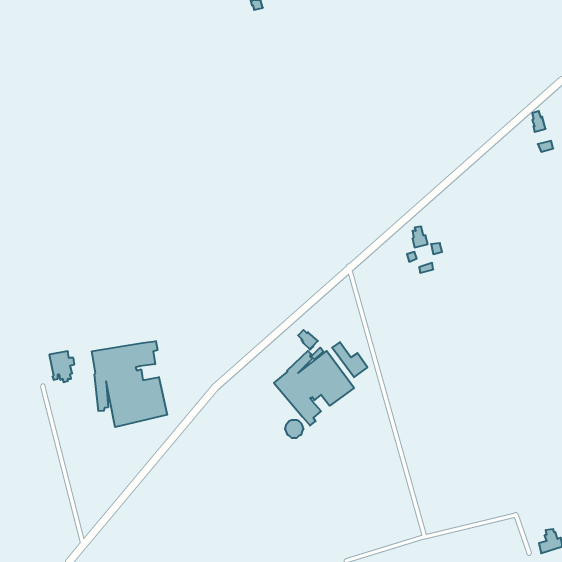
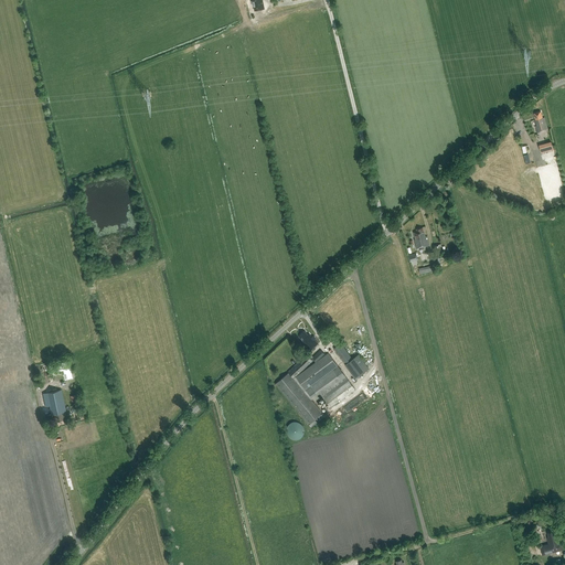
building: [92,341,167,427] -> none
building: [49,351,74,382] -> [43,391,68,422]

